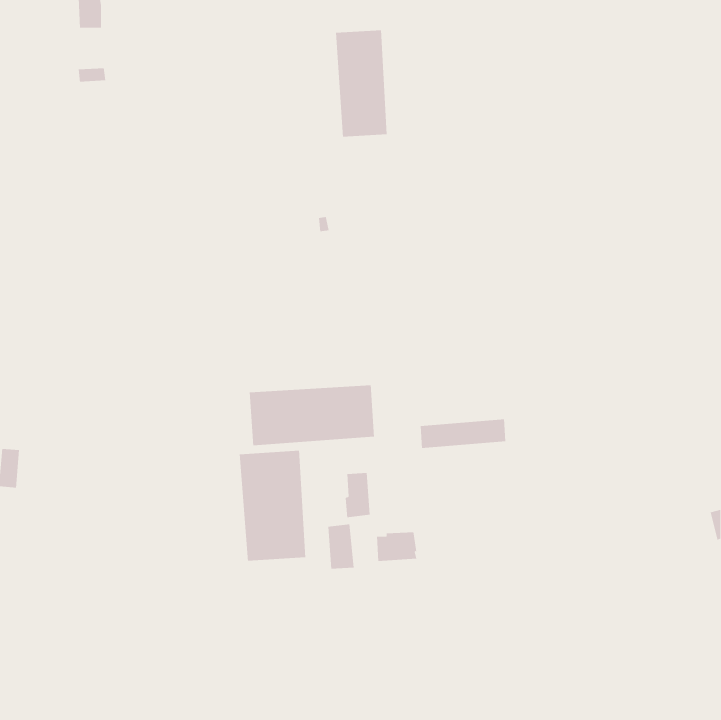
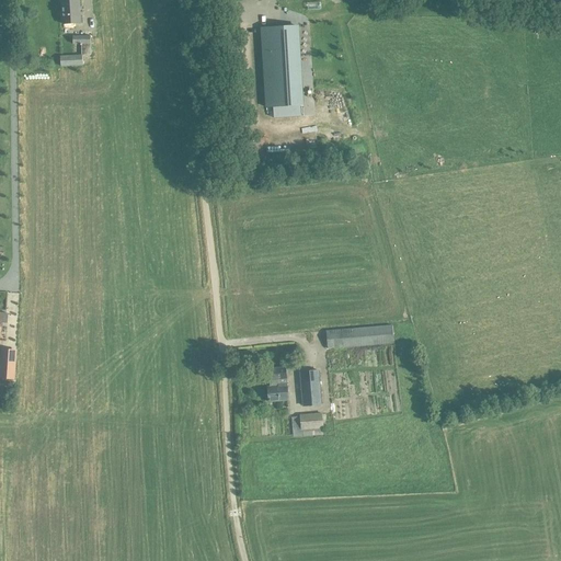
building: [249,385,375,446] -> none
building: [239,450,306,562] -> none
building: [328,524,354,569] -> [300,369,321,404]

